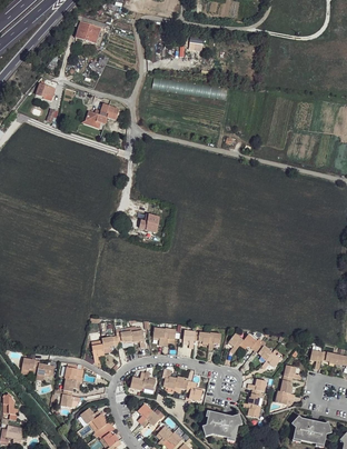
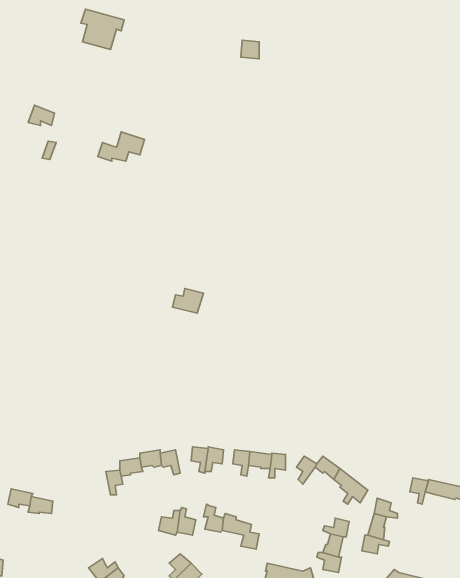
building: [60,367,81,408] -> none

